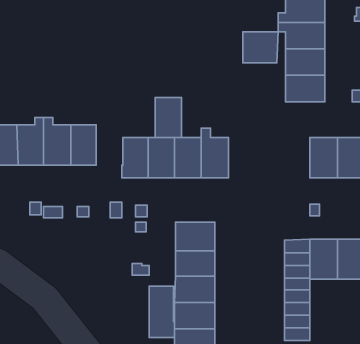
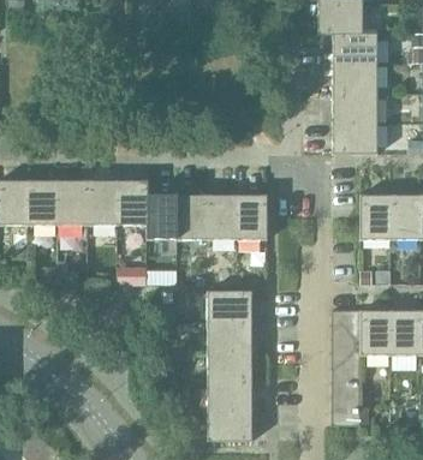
building: [243,32,278,63] -> none
building: [155,97,182,138] -> [118,180,148,226]
building: [149,286,175,338] -> none

